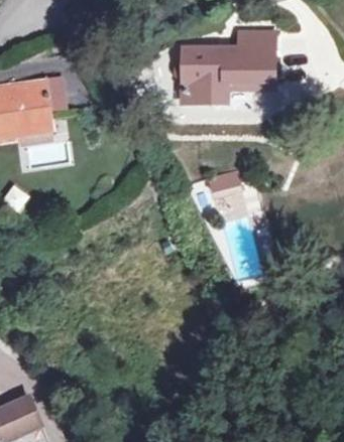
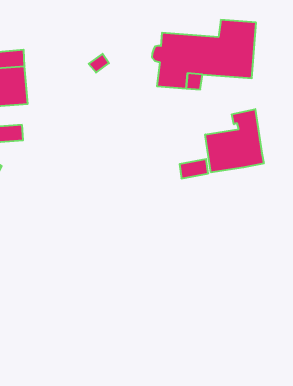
building: none -> [205,109,264,172]

